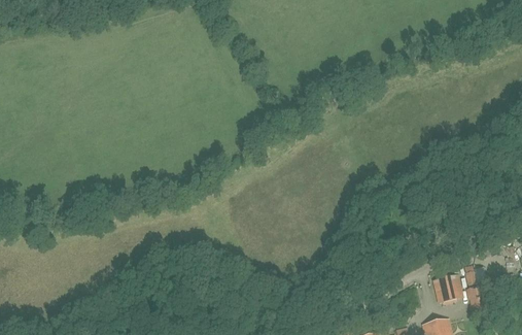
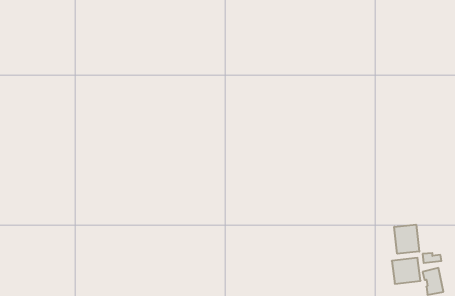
building: none -> [394,225,419,254]

